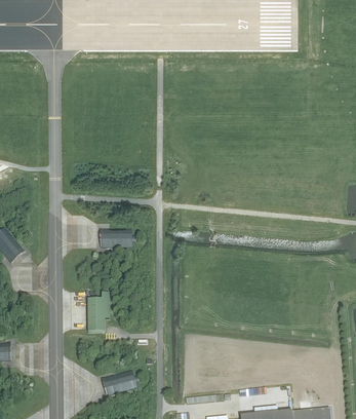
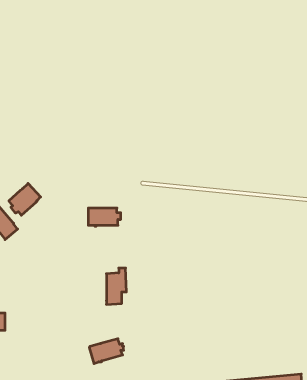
building: none -> [9,183,41,215]
building: [88,294,110,333] -> [106,268,126,304]

